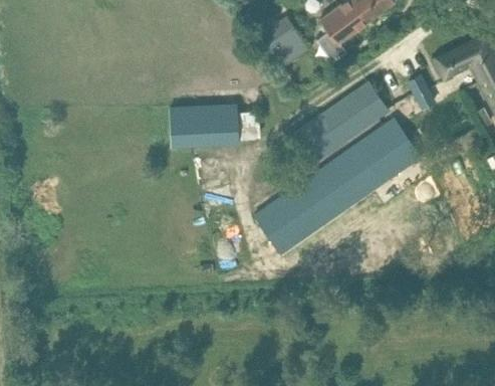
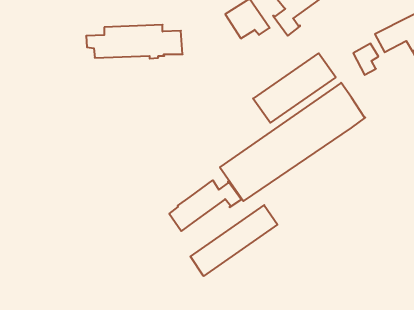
building: [149,106,260,145] -> [86,25,183,59]
building: none -> [169,180,242,231]
building: none -> [190,205,277,276]

